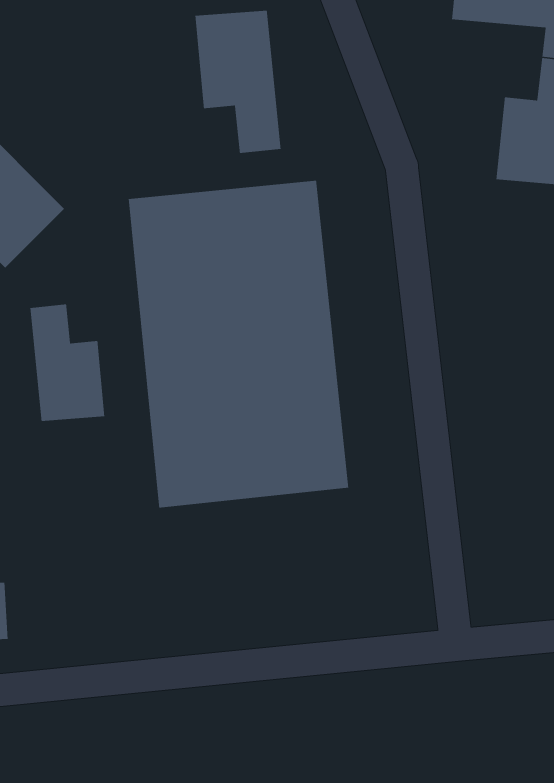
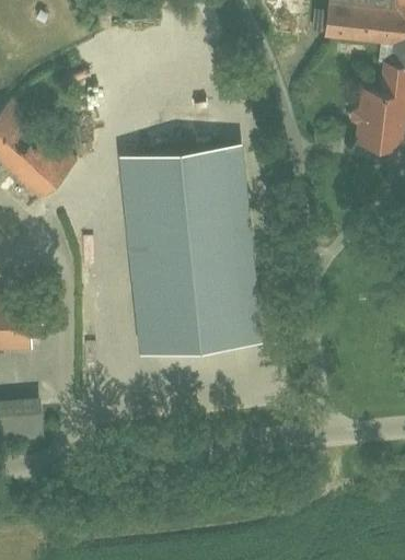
building: [195,10,281,154] -> none
building: [29,303,105,422] -> none

